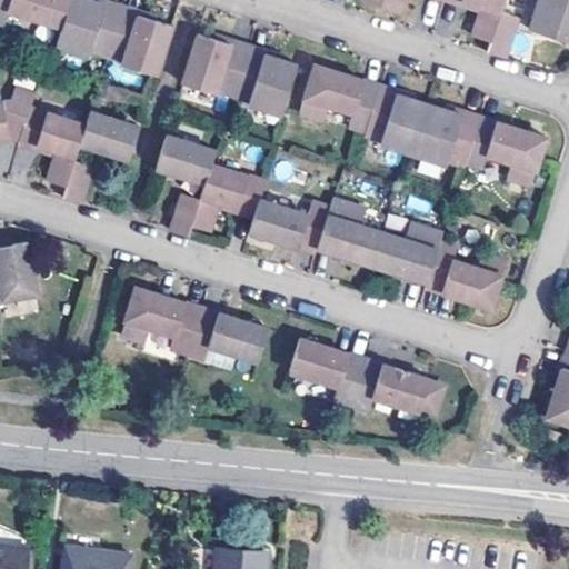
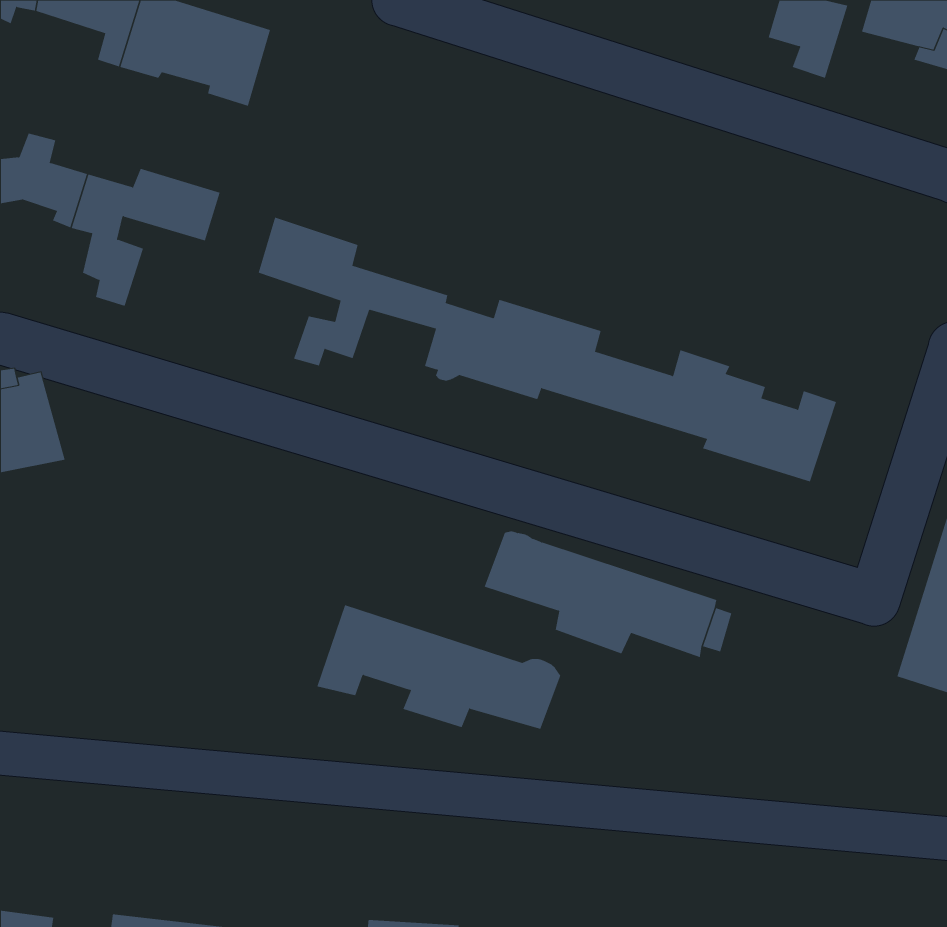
building: [184,42,295,120] -> none
building: [291,62,538,183] -> none
building: [126,281,271,356] -> [317,604,561,730]

